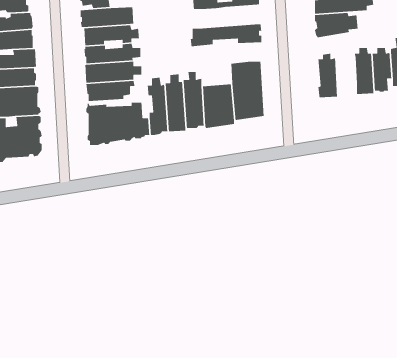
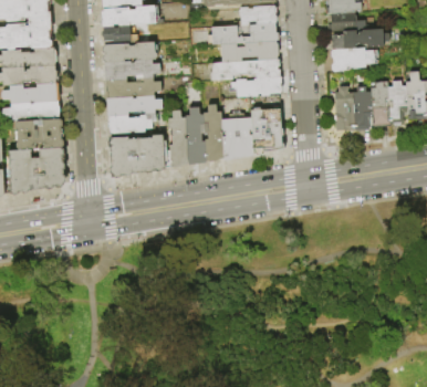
building: none -> [220,40,279,62]
building: none -> [230,76,281,96]
building: none -> [352,85,372,129]

